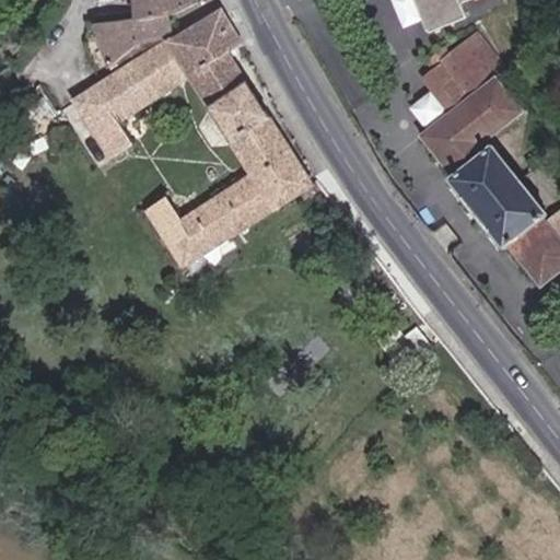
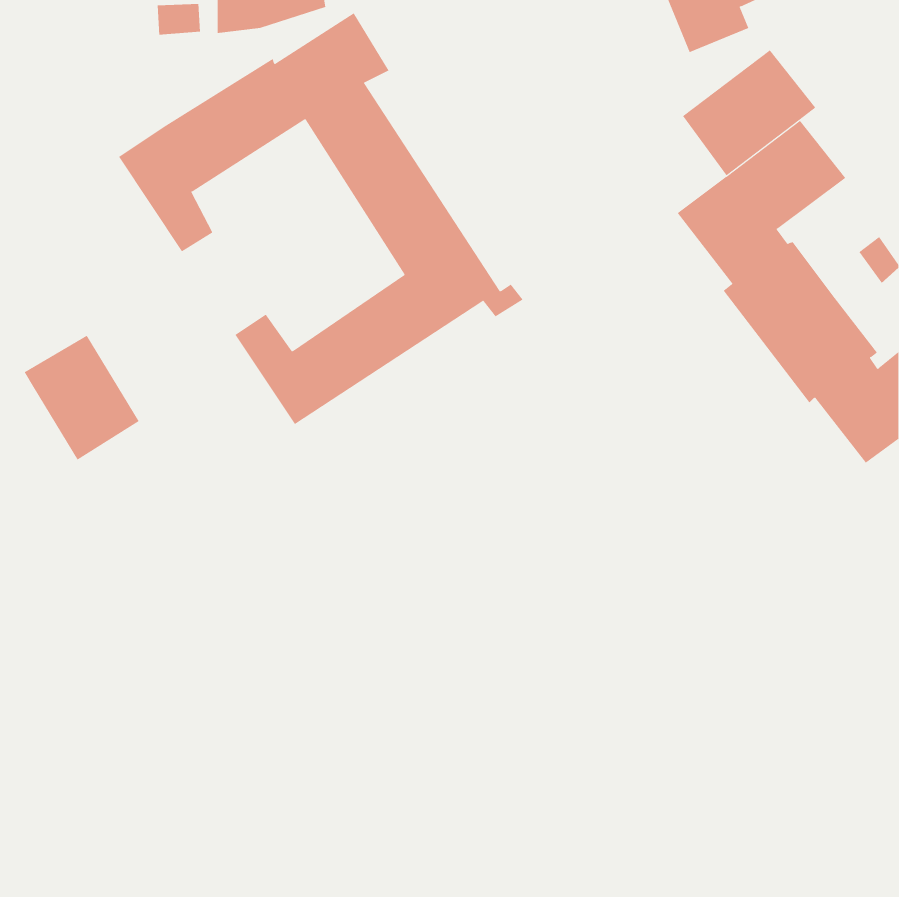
building: [97,18,166,62] -> none
building: none -> [24,335,139,460]

